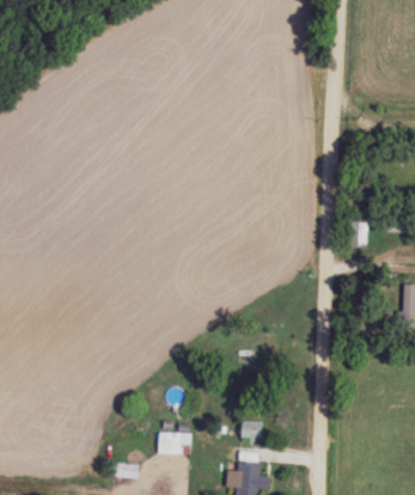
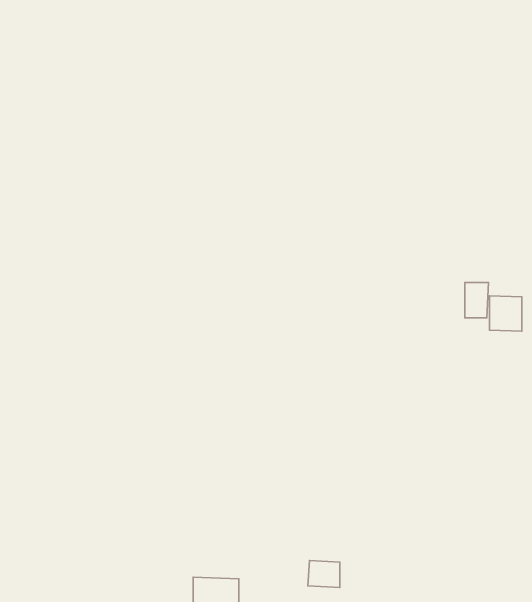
building: none -> [490,296,522,331]

